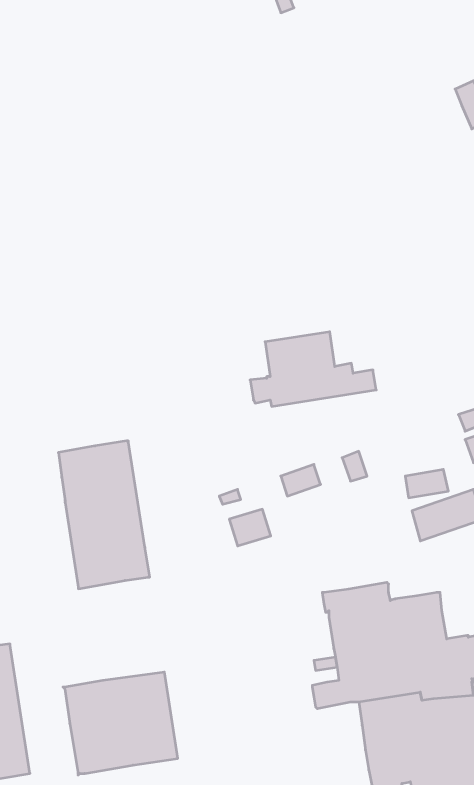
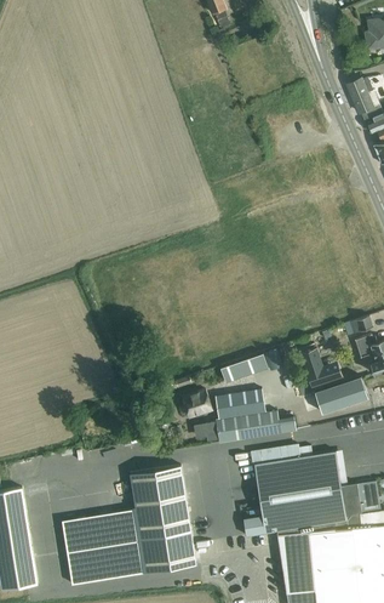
building: [250,332,376,406] -> [205,388,297,443]
building: [58,441,150,589] -> [131,465,197,573]

